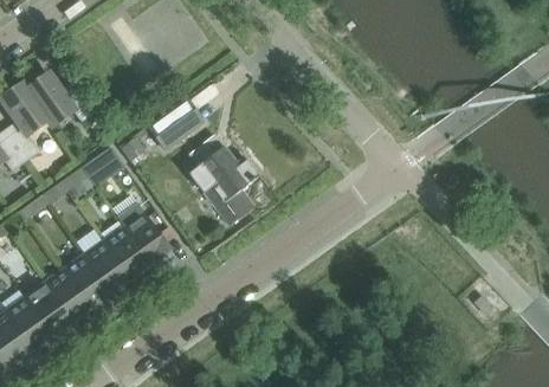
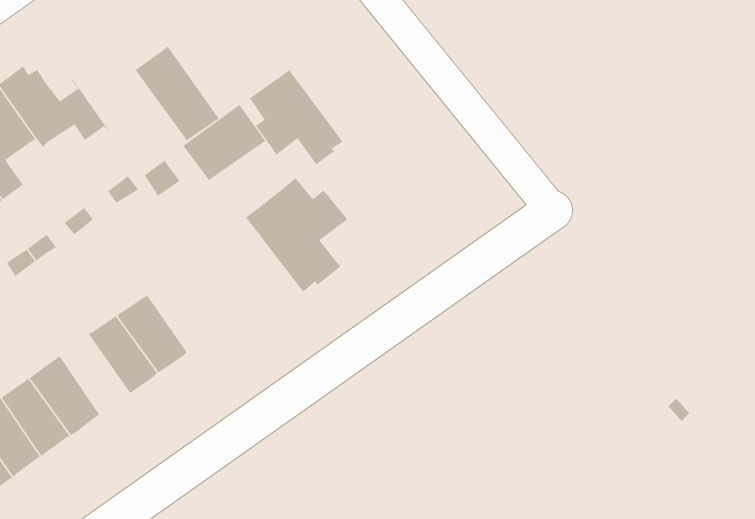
building: none -> [135,46,220,141]
building: none -> [249,69,343,165]
building: [117,202,172,265] -> none
building: [64,253,111,308] -> none

